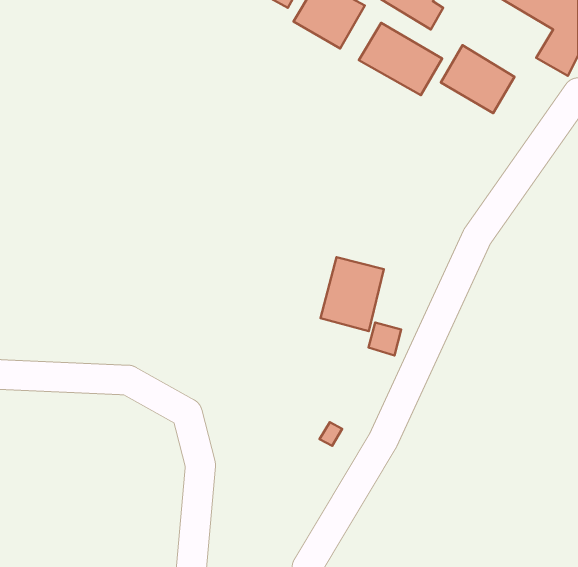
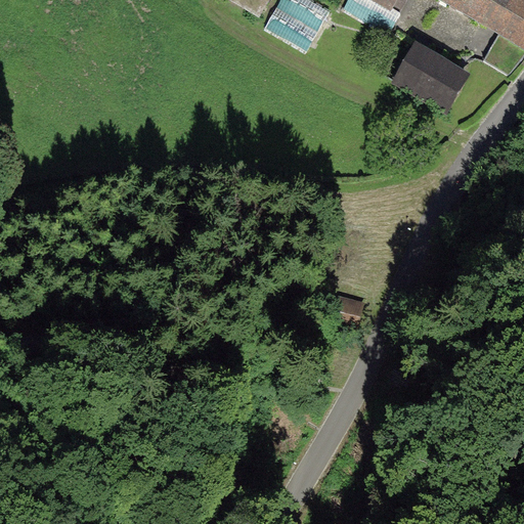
building: [359,23,442,95] -> none
building: [321,257,384,331] -> none

